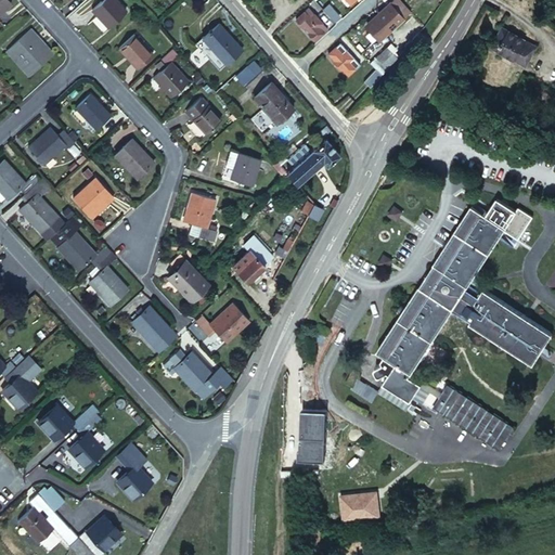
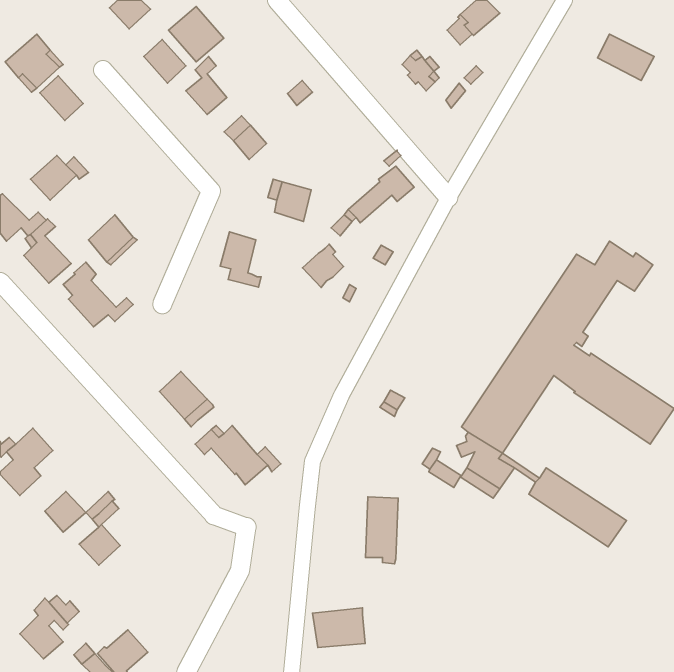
building: [297,7,328,39] -> none
building: [196,24,242,69] -> [168,7,224,62]
building: [253,82,292,124] -> none
building: [77,92,113,129] -> [40,76,83,121]
building: [116,140,155,180] -> none
building: [230,247,263,283] -> [303,244,344,288]
building: [88,251,127,305] -> none
building: [168,253,208,300] -> none
building: [197,304,248,343] -> none
building: [120,447,155,503] -> none
building: [336,489,379,521] -> [312,608,365,647]

